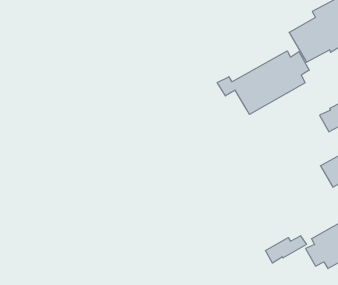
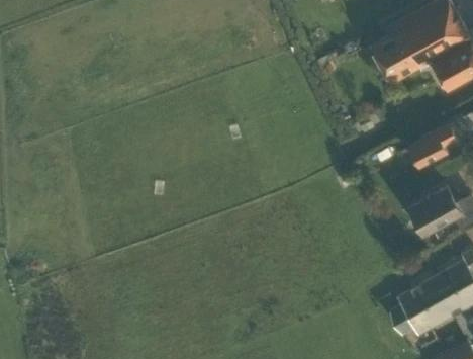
building: [217,51,309,114] -> none
building: [265,236,306,263] -> none

